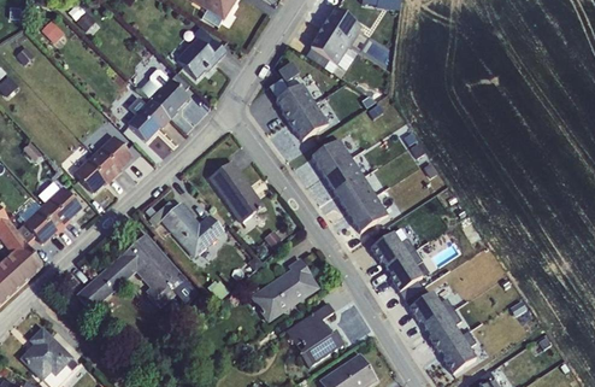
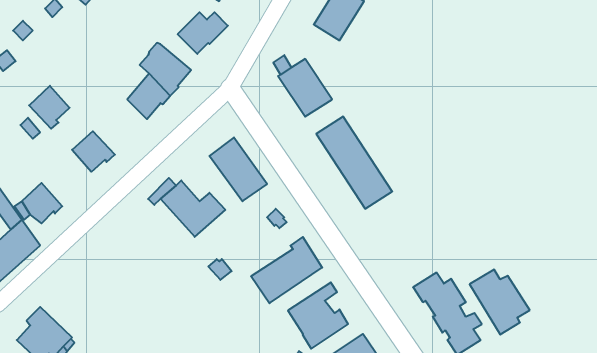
building: [94,135,134,177] -> [29,86,70,129]
building: [43,186,83,228] -> none
building: [373,231,432,295] -> [470,270,530,335]
building: [76,233,189,312] -> none

